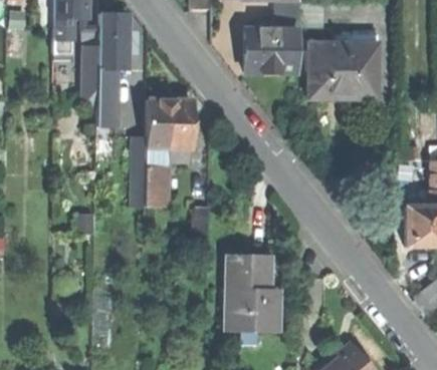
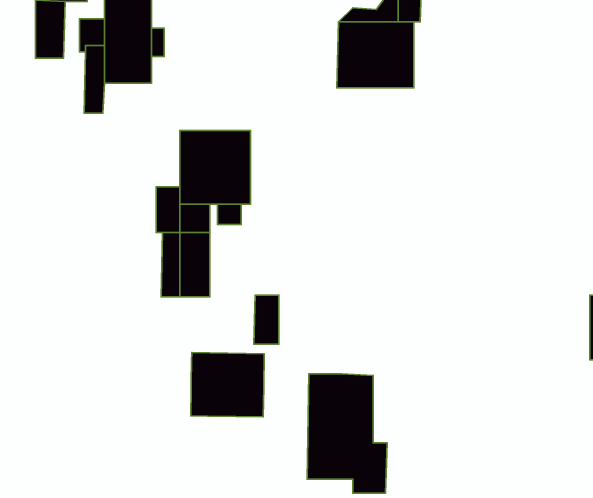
building: [309,41,379,98] -> none
building: [96,69,117,124] -> none
building: none -> [191,353,264,417]

